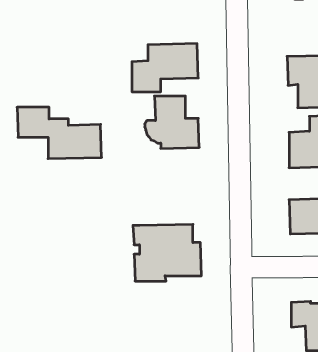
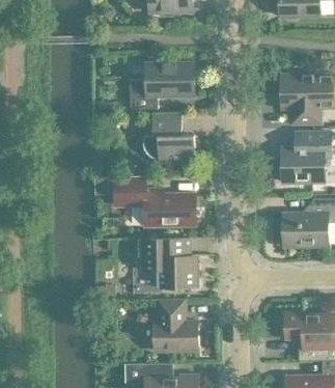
building: [17,107,102,159] -> [114,176,196,226]
building: none -> [153,301,198,351]

